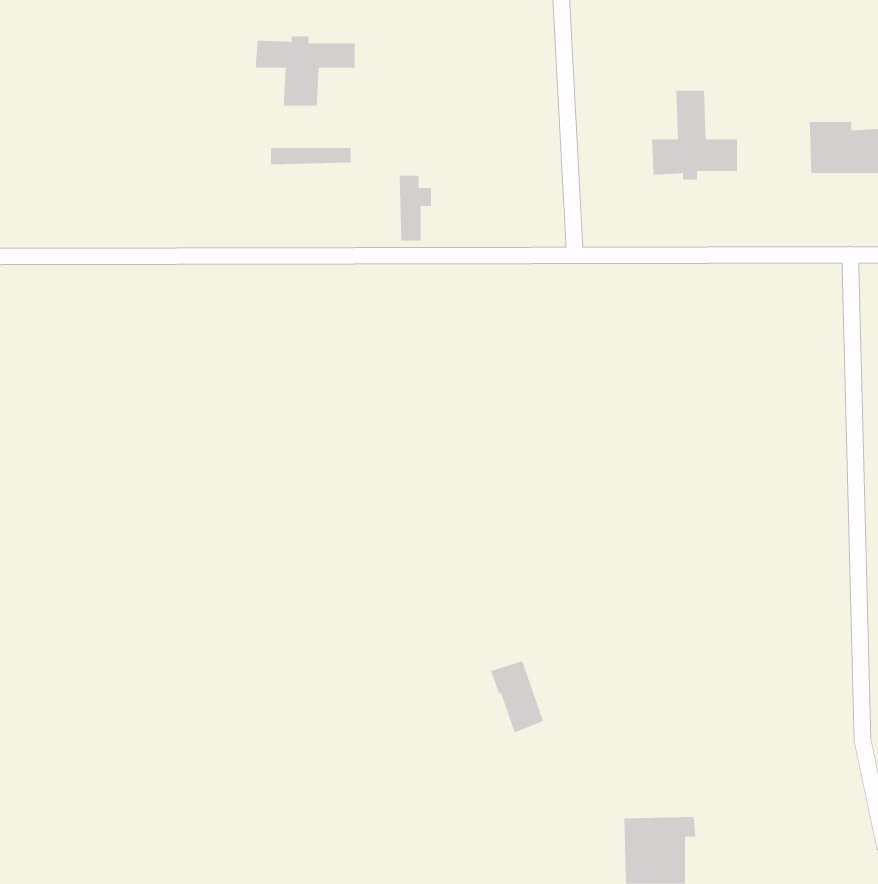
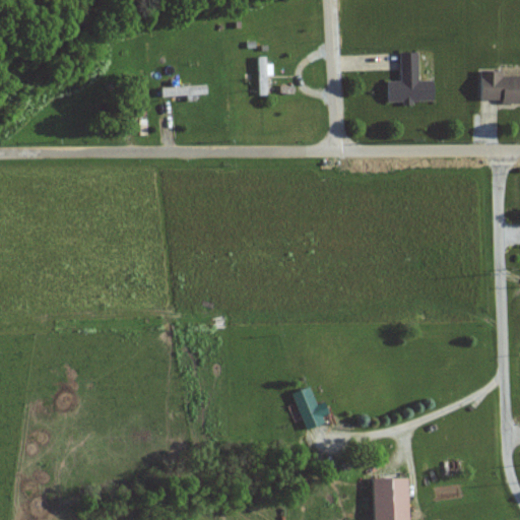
building: [255,36,355,107] -> none
building: [399,175,432,241] -> [258,57,277,95]

